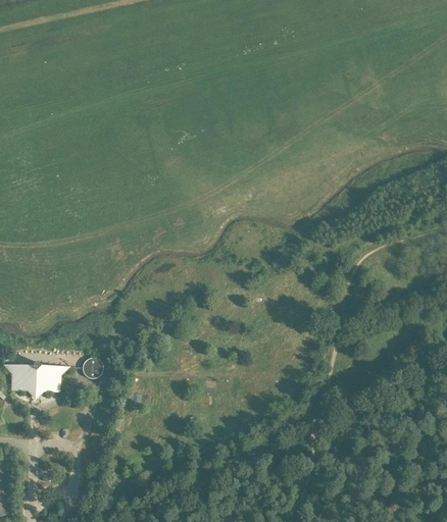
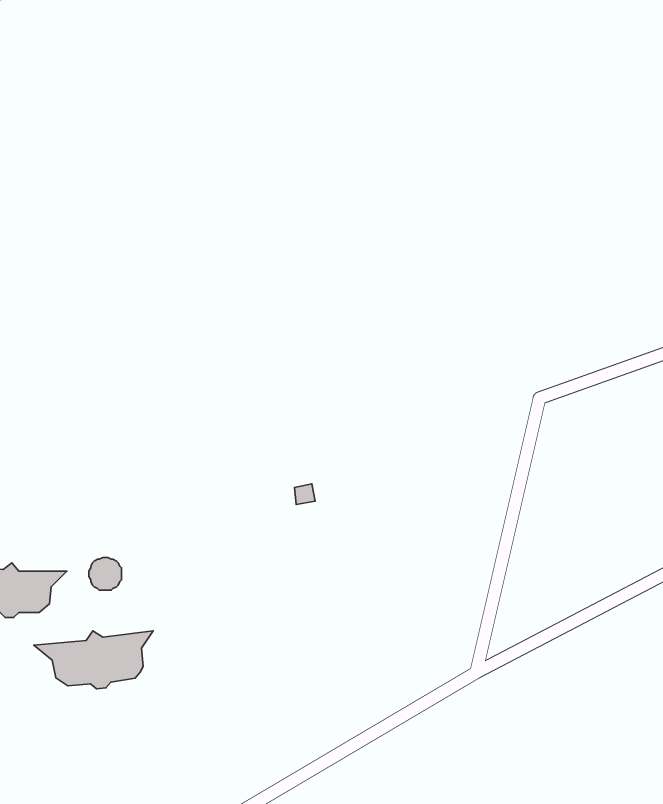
building: none -> [34,631,153,689]

